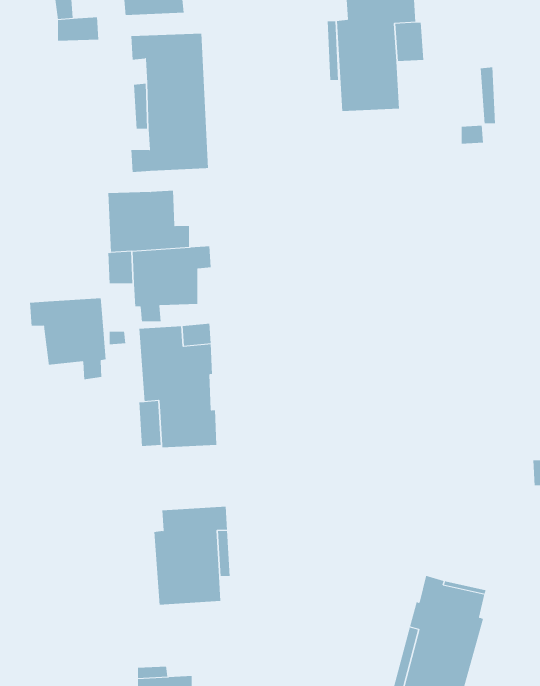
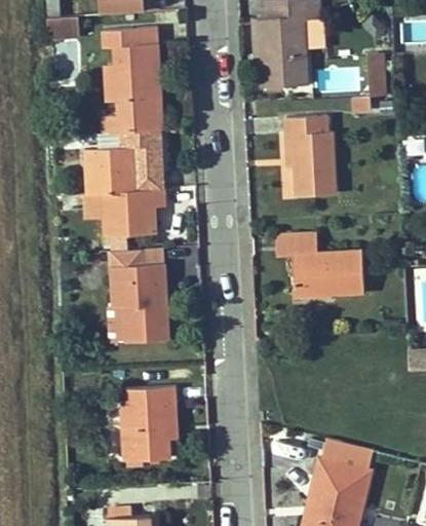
building: none -> [285,116,335,196]
building: none -> [118,130,163,190]
building: [30,298,106,380] -> none
building: none -> [275,234,363,296]

